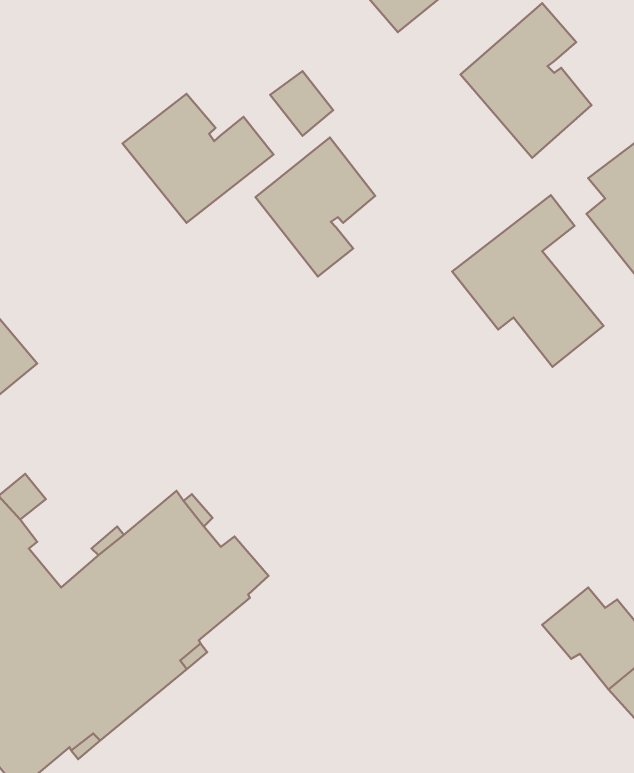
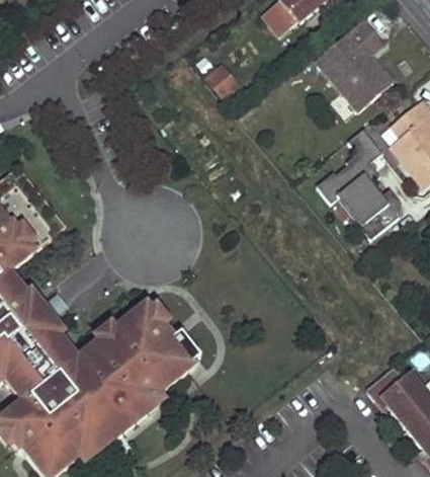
building: [123,94,274,223] -> none
building: [255,137,375,276] -> none

